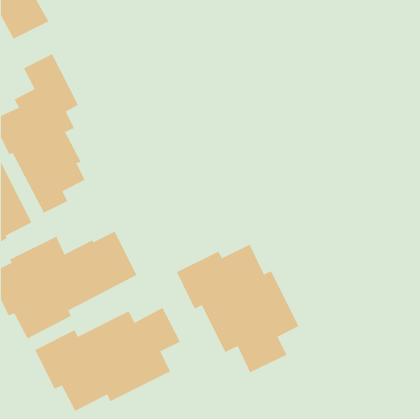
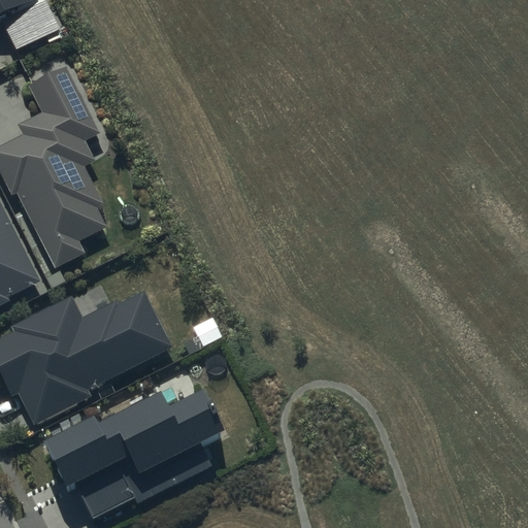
building: [176,244,299,373] -> none

